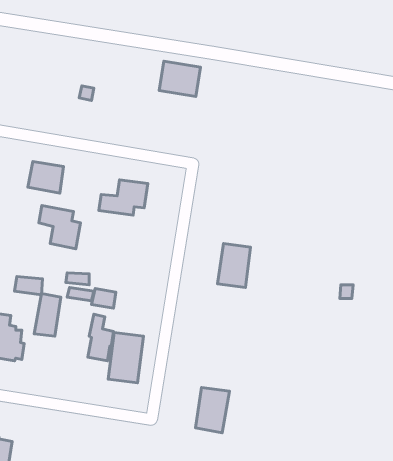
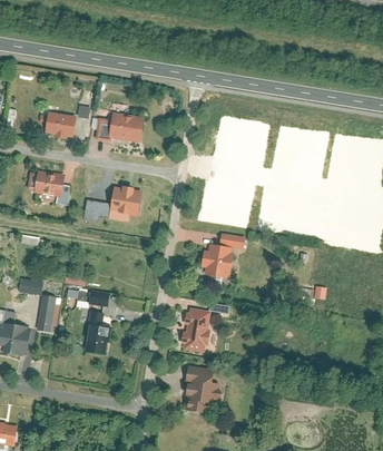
building: [159,61,201,96] -> [110,115,148,147]
building: none -> [45,112,77,138]
building: [39,206,81,249] -> none
building: [108,333,144,383] -> [180,310,213,355]

